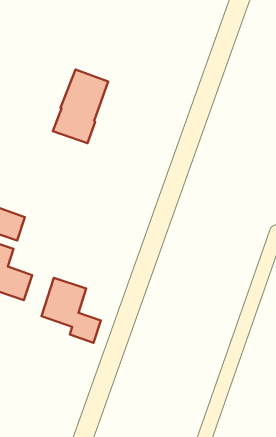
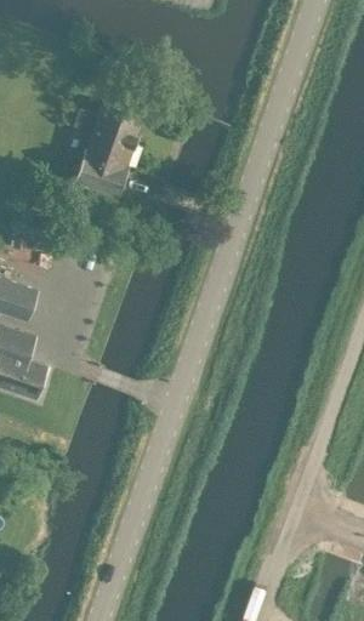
building: [41,278,101,343] -> none

